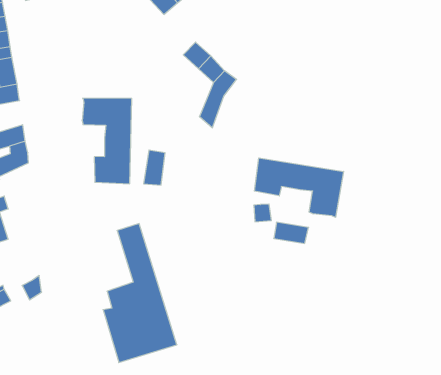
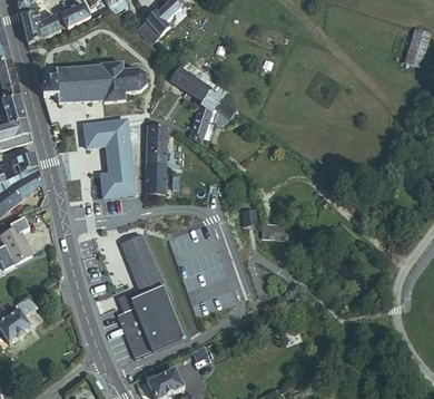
building: none -> [45,64,147,104]
building: none -> [204,98,233,138]
building: none -> [147,118,166,168]
building: [254,158,344,217] -> none

